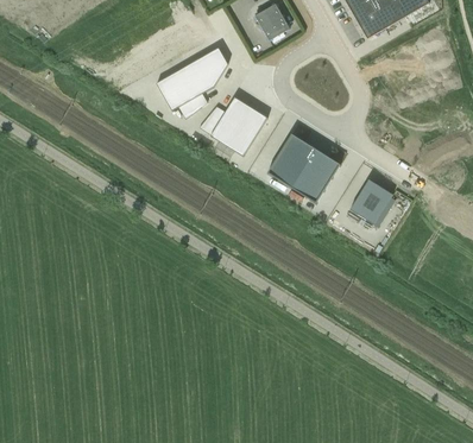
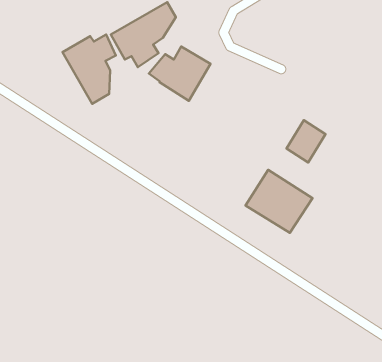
building: none -> [62,35,116,104]
building: [266,132,340,201] -> [245,170,313,233]

